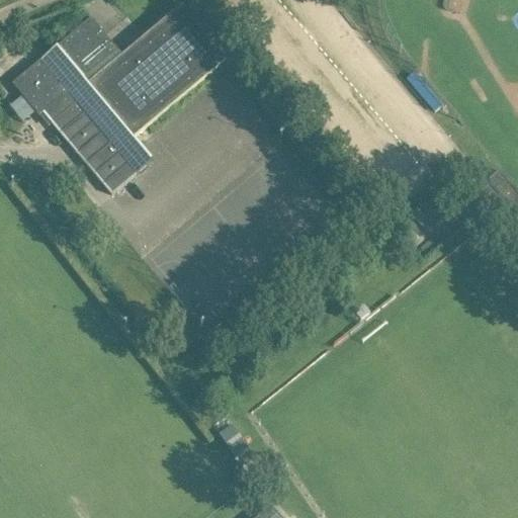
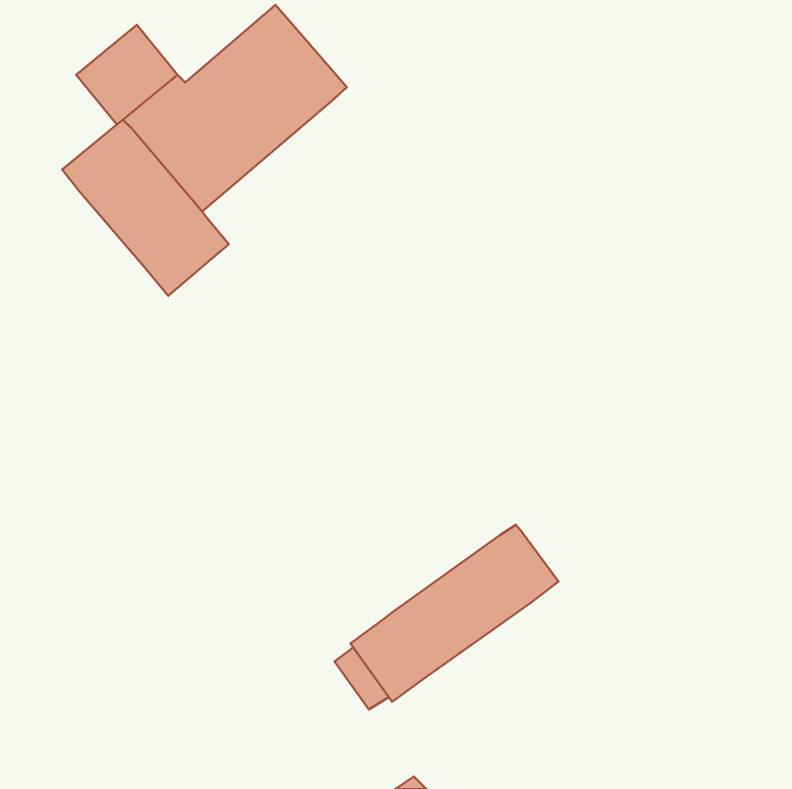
building: [10,49,76,113] -> none
building: none -> [350,525,559,702]

